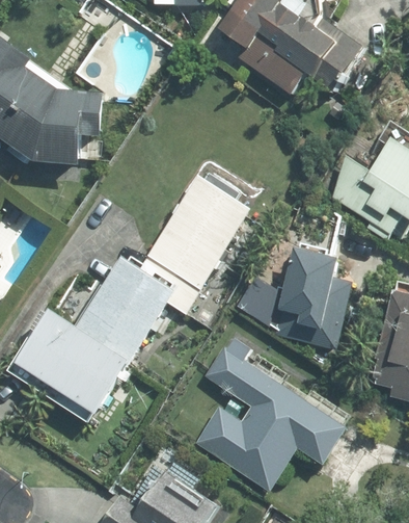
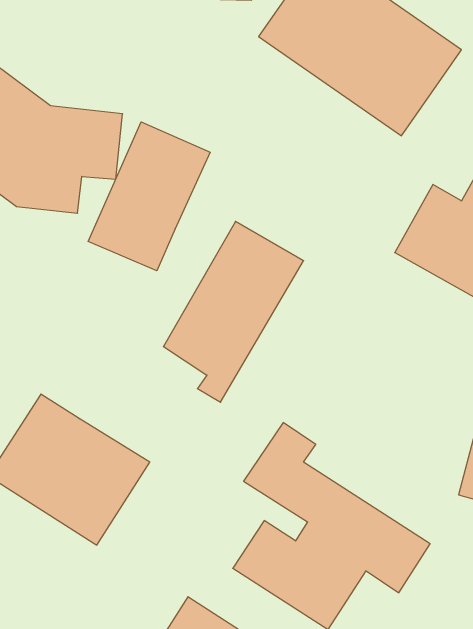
building: none -> [88,122,210,271]
building: [268,244,359,349] -> none
building: [77,259,174,360] -> none

